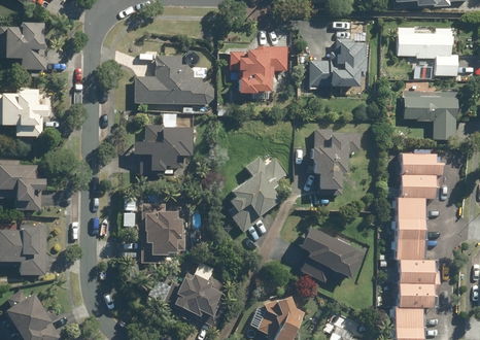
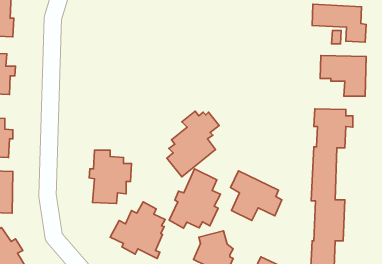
building: [305,40,369,86] -> none
building: [229,44,288,94] -> none
building: [133,55,213,105] -> none
building: [133,114,194,176] -> none
building: [313,129,359,188] -> none
building: none -> [169,169,221,228]

